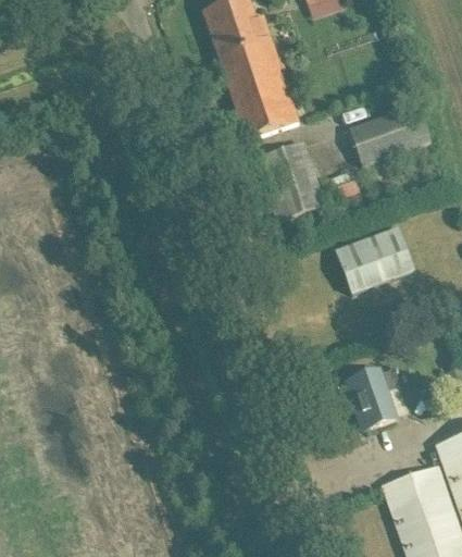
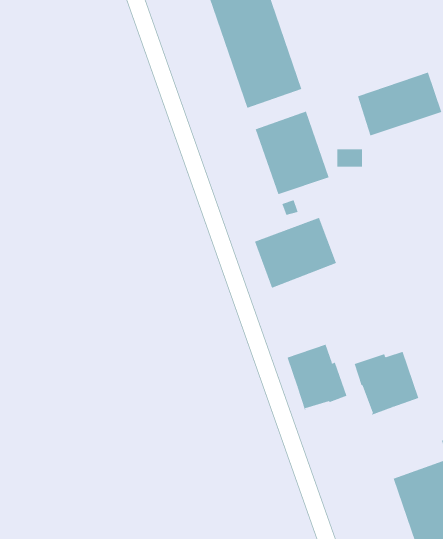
building: [334,226,412,294] -> [254,217,337,289]
building: none -> [287,344,347,411]

